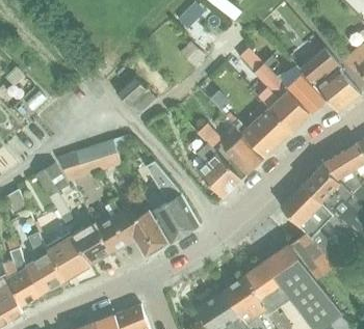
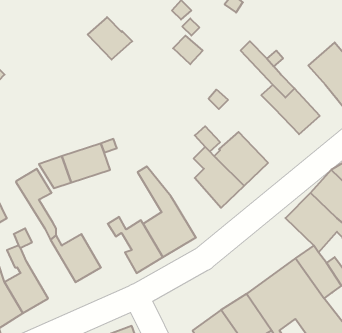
building: [276,65,327,115] -> none
building: [115,77,156,115] -> [88,17,132,60]
building: [233,108,292,158] -> none
building: [90,201,140,252] -> none
building: [45,232,89,280] -> none

